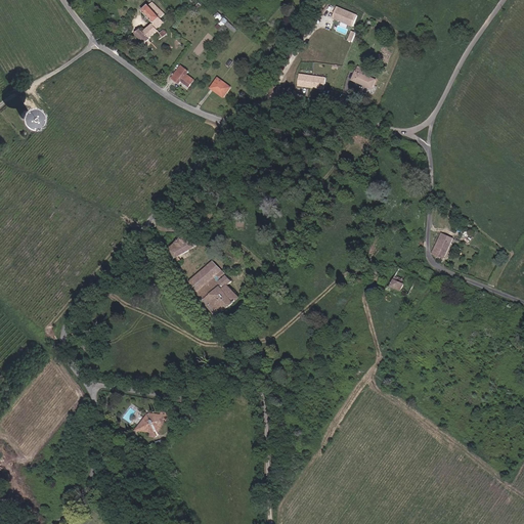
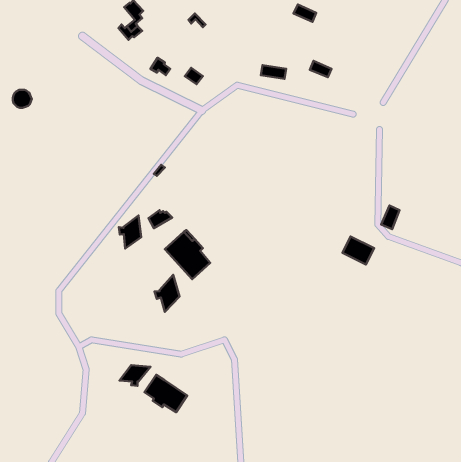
building: none -> [119,215,141,248]
building: none -> [155,275,179,312]
building: none -> [144,375,187,412]

